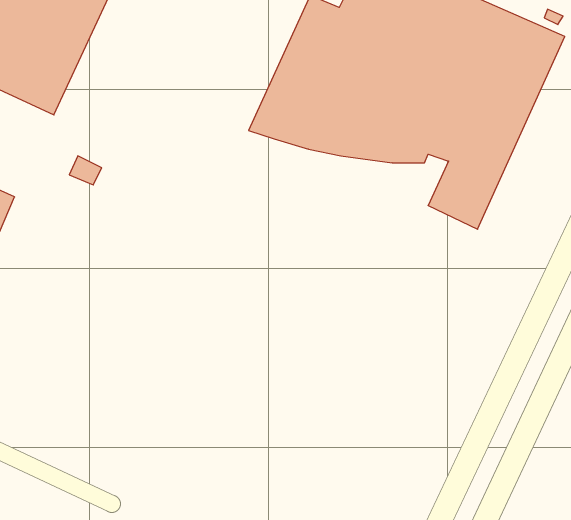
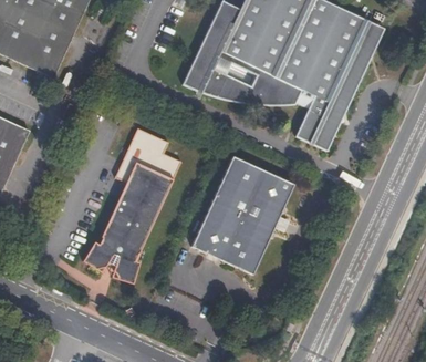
building: none -> [85,130,183,283]
building: none -> [191,156,293,275]

